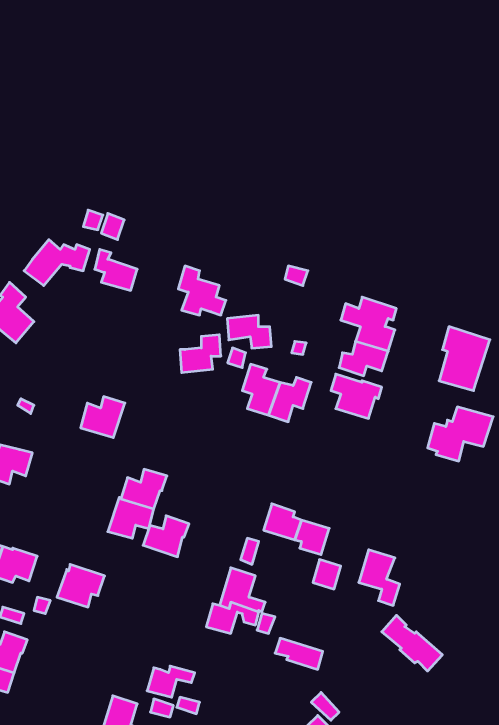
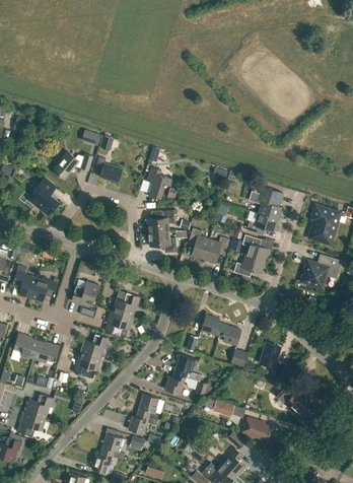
building: [227,315,271,348] -> [149,230,176,251]
building: [81,397,125,438] -> [71,281,98,306]
building: none -> [233,255,265,276]
building: [143,516,189,557] -> [80,333,109,358]
building: none -> [136,393,159,418]
building: none -> [243,417,272,440]

